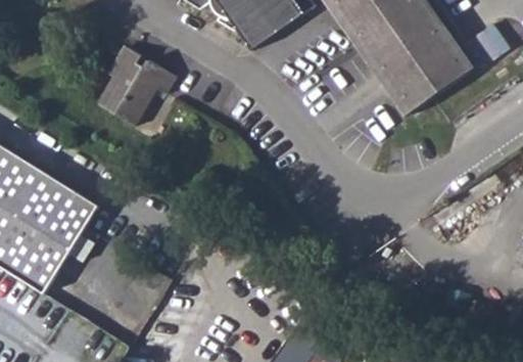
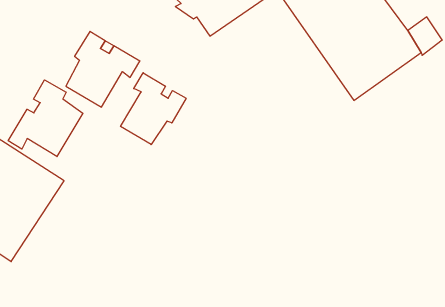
building: none -> [121,73,186,145]
building: none -> [8,80,83,157]

